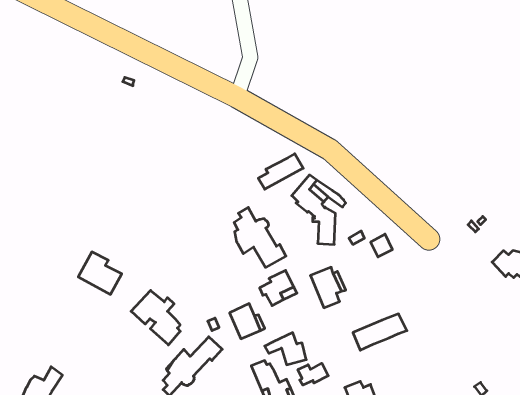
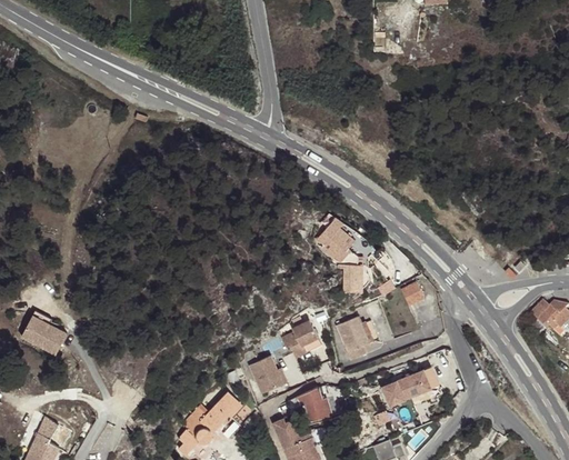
building: [258,154,303,189] -> none
building: [234,207,286,267] -> none
building: [78,252,122,294] -> [20,310,67,356]
building: [131,290,180,345] -> none
building: [298,363,328,385] -> none

